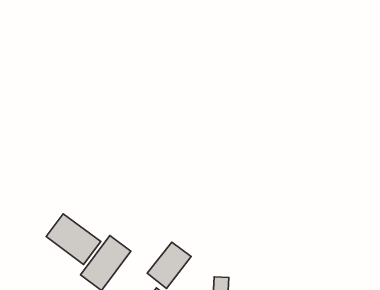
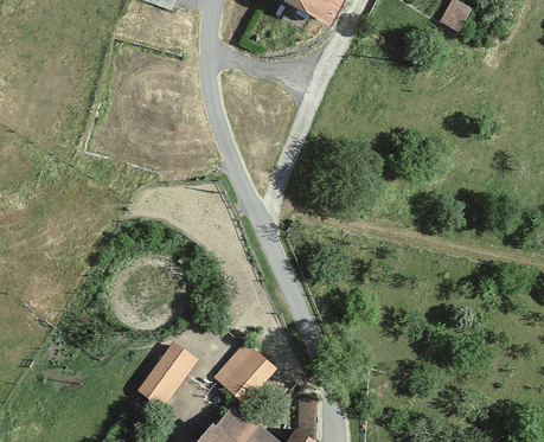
building: [46,214,101,264] -> none

